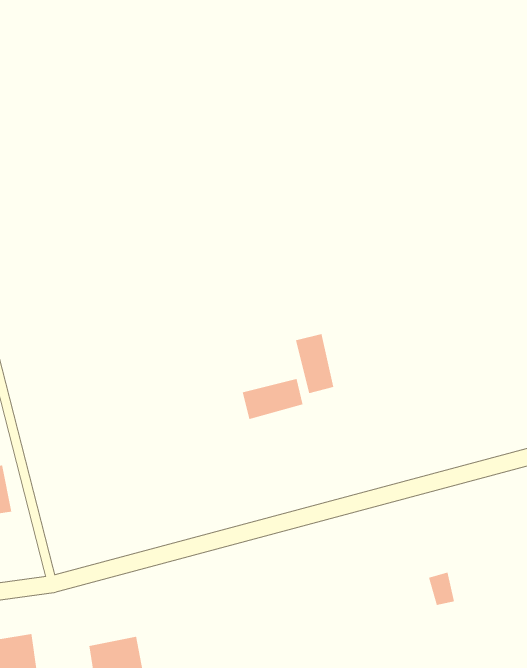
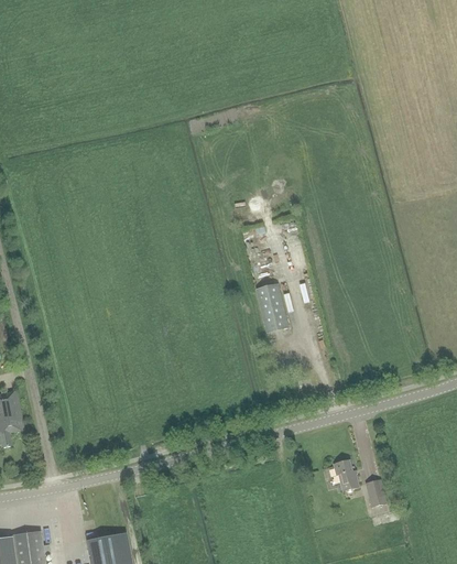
building: [242,378,303,420] -> none
building: none -> [333,460,359,494]

